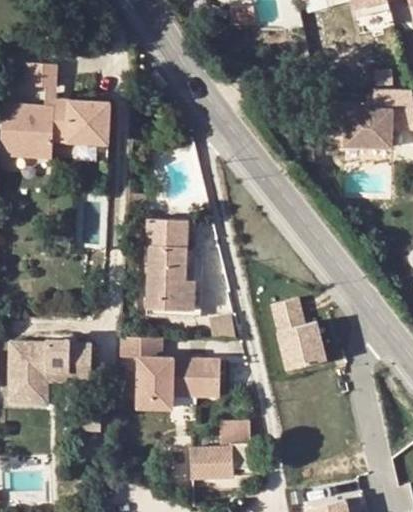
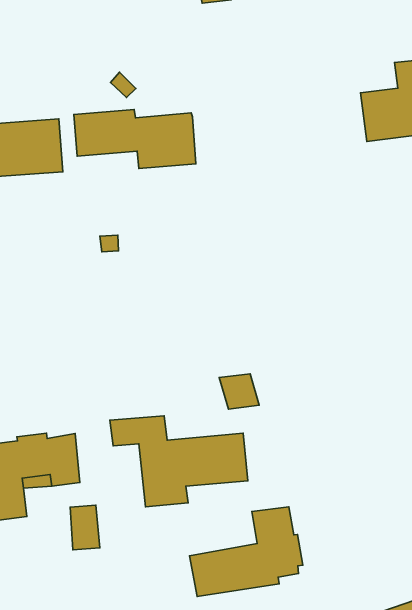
building: none -> [74,110,196,169]
building: [145,218,195,316] -> none
building: [273,301,327,372] -> none

